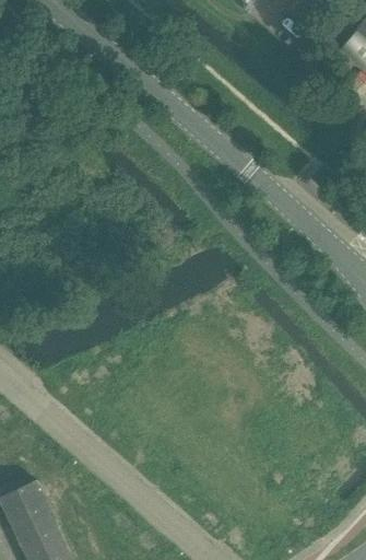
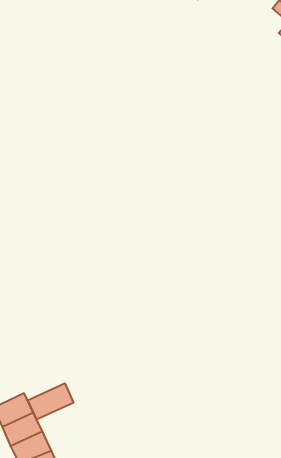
building: none -> [28,383,73,420]

